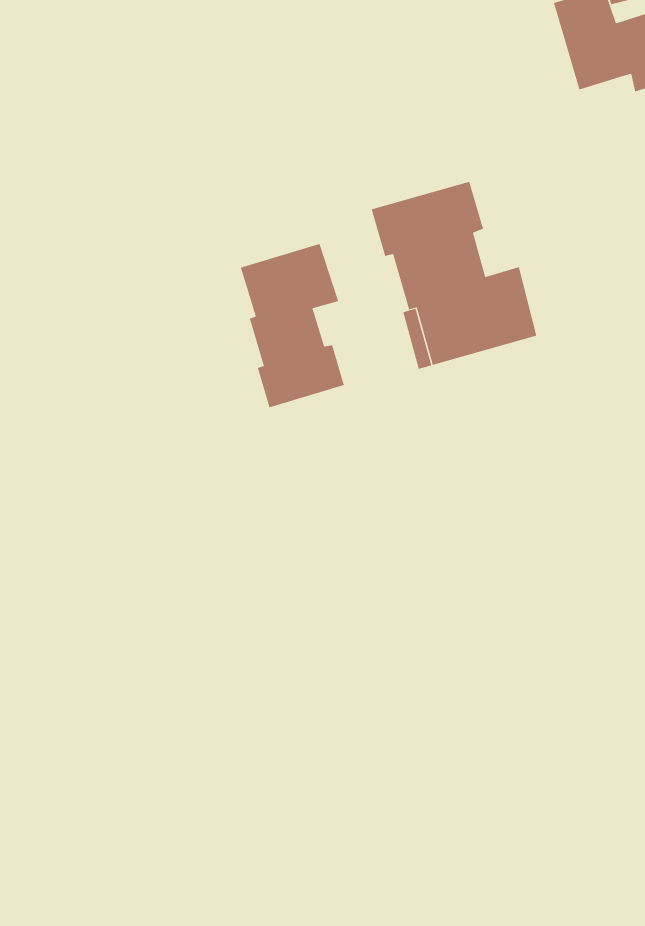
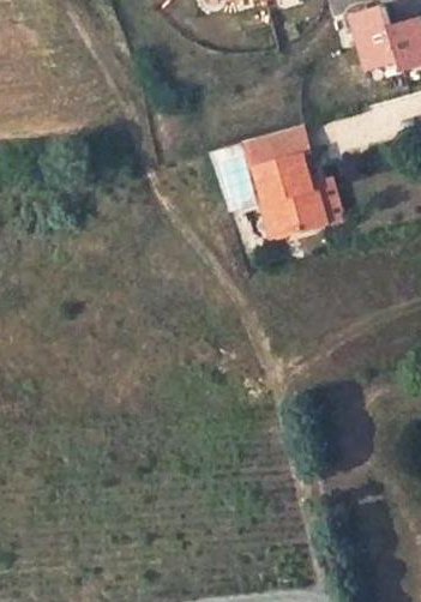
building: [240,243,344,408] -> none

